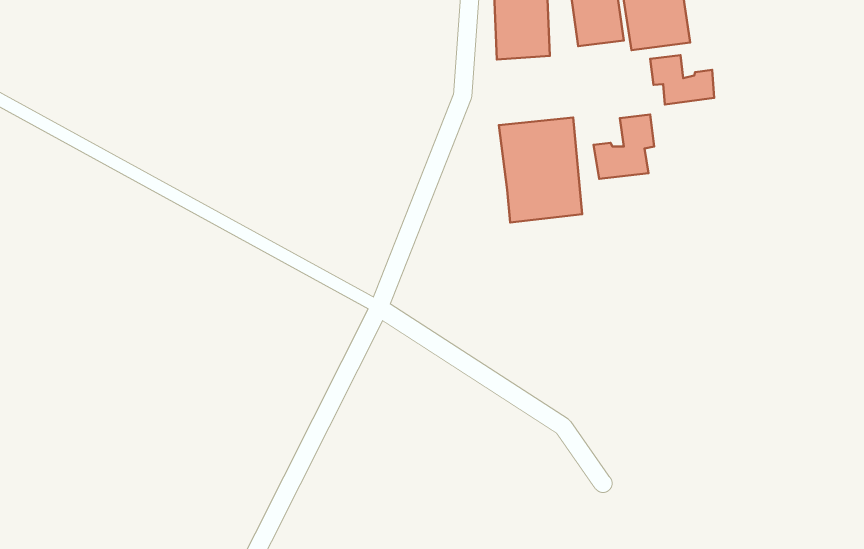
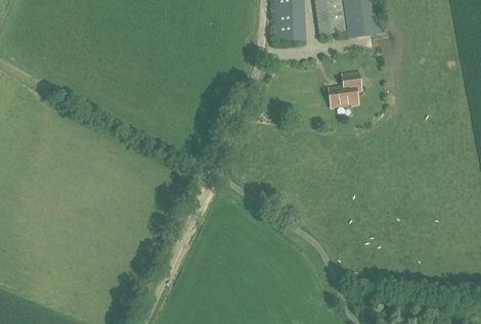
building: [650,55,714,104] -> none
building: [499,118,582,223] -> none

